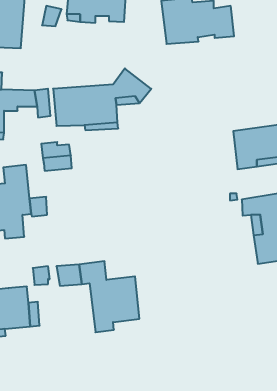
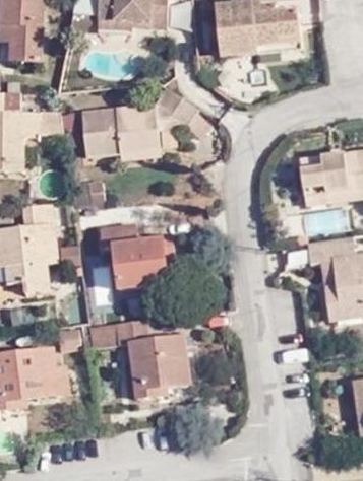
building: none -> [102,220,174,287]

